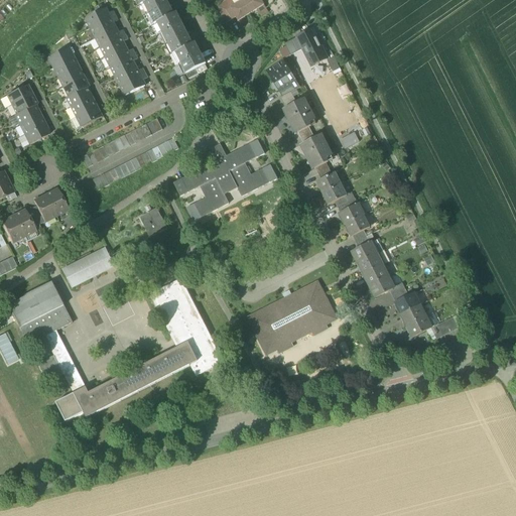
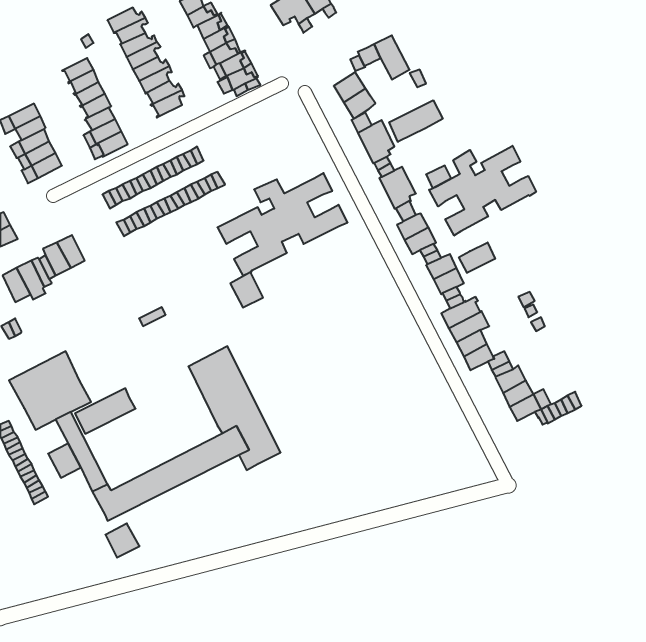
building: none -> [389,100,443,142]
building: none -> [429,146,536,236]
building: none -> [459,242,495,273]
building: [140,207,166,235] -> [230,272,263,308]
building: [64,248,113,284] -> [75,388,136,434]
building: [248,280,337,353] -> none
building: [56,392,84,419] -> [105,523,140,558]

